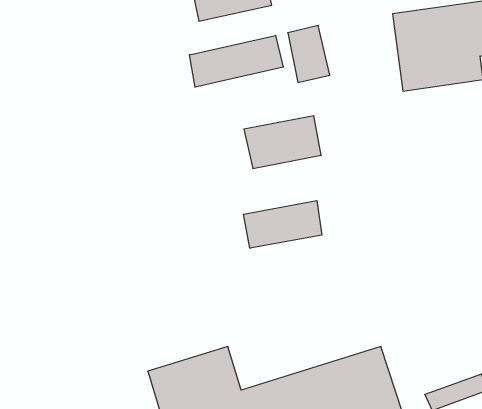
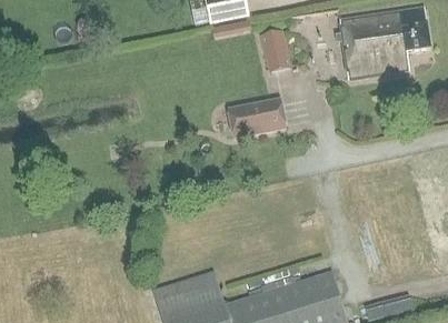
building: [189,35,283,87] -> none
building: [244,201,322,248] -> none

